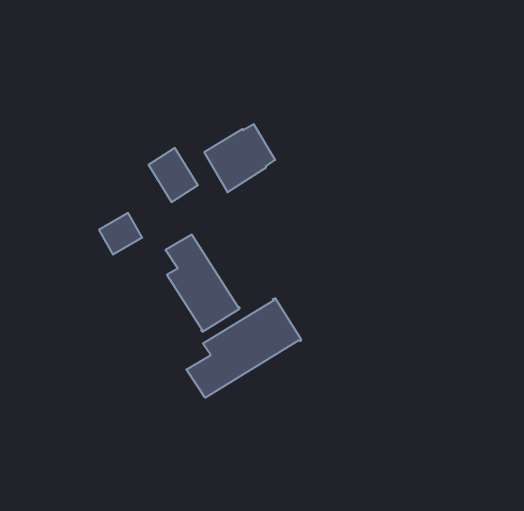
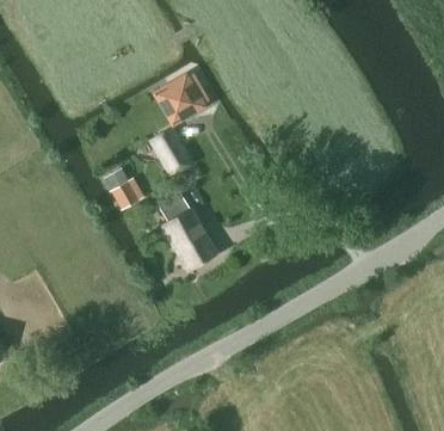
building: [204,124,275,192] -> [154,75,209,128]
building: [186,298,301,398] -> none

